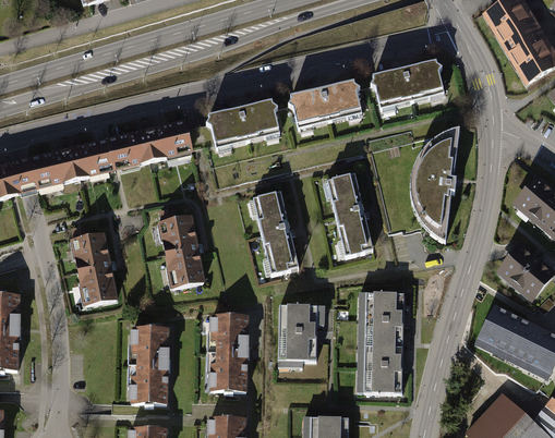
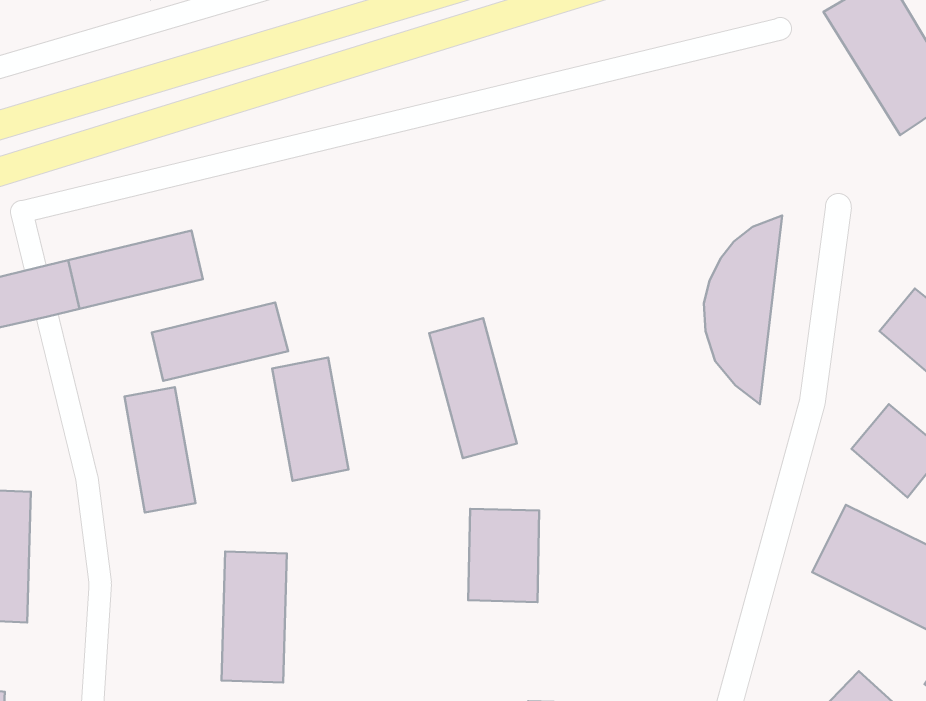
building: [372,59,443,105] -> none
building: [292,81,365,127] -> none
building: [209,101,283,148] -> none
building: [113,123,193,169] -> [152,303,288,381]
building: [325,174,377,256] -> none
building: [353,291,399,390] -> none
building: [209,316,248,390] -> none

